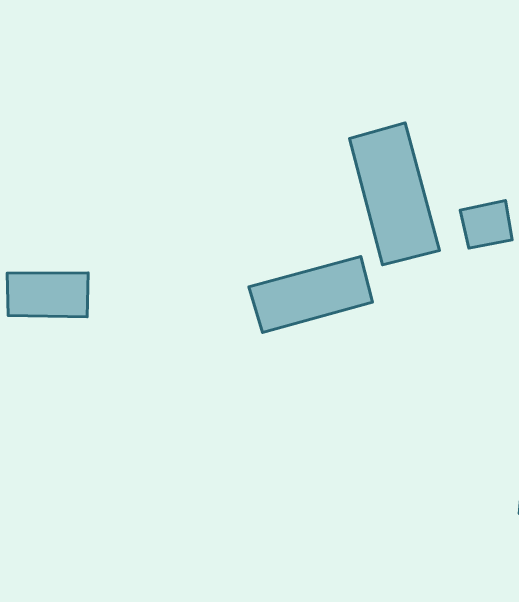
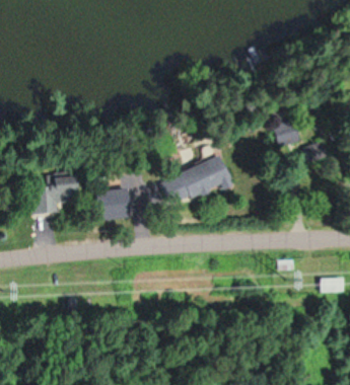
building: [349,123,440,265] -> none
building: none -> [92,184,148,220]

